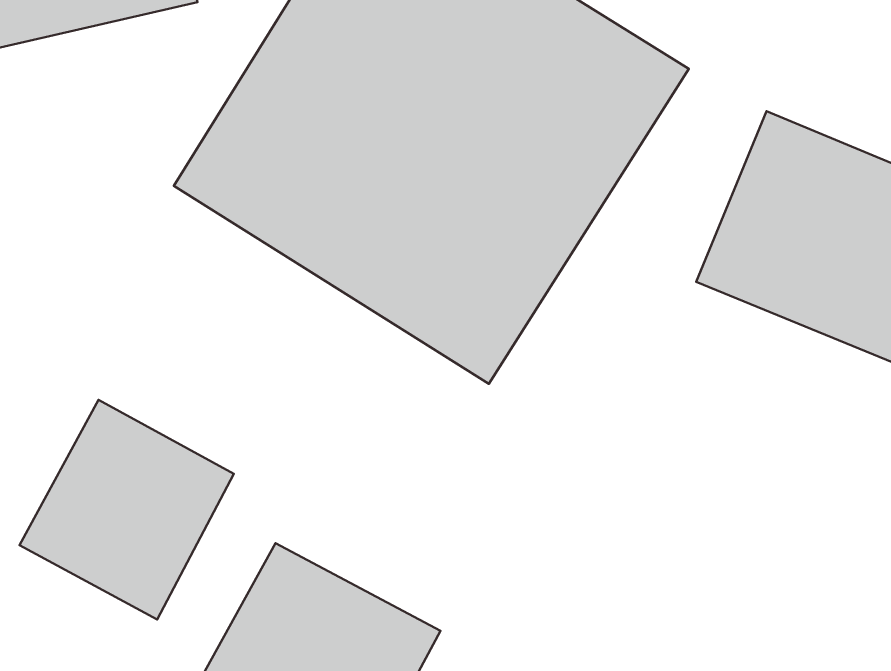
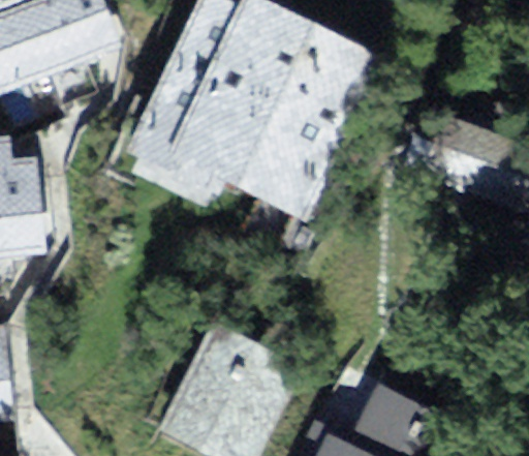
building: [19,400,234,619] -> none

